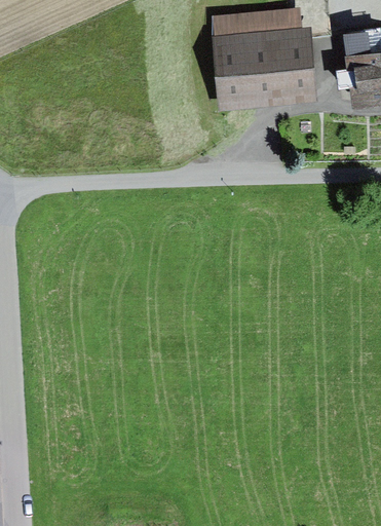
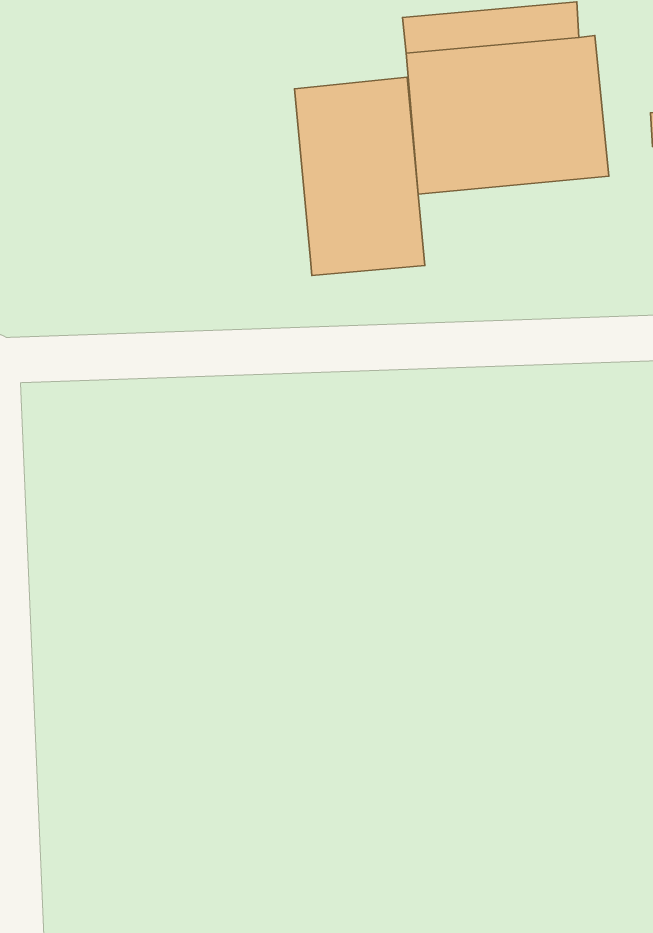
building: none -> [294,77,425,275]

